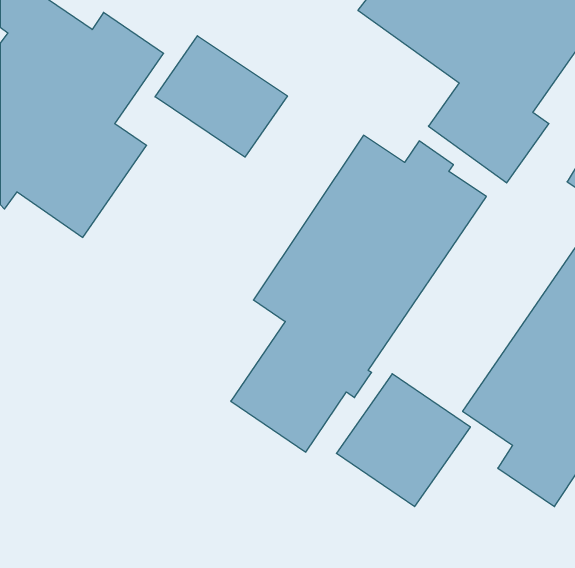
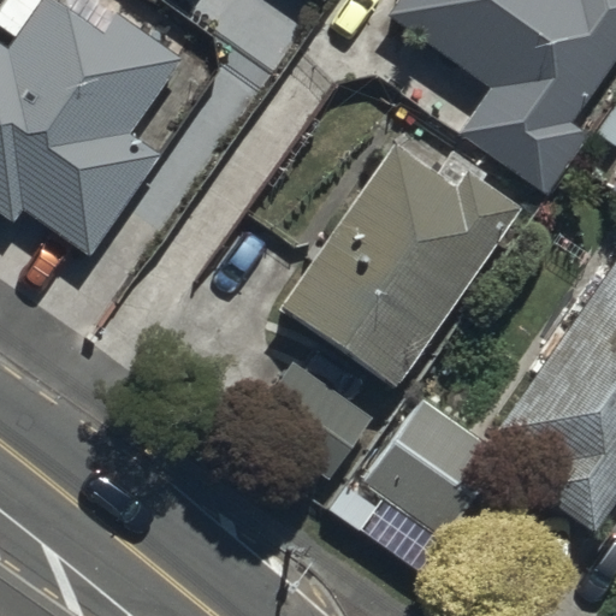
building: [155,36,287,157] -> none

